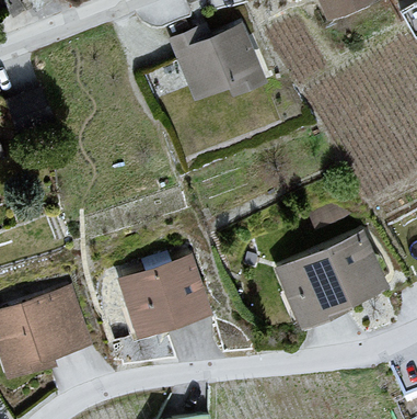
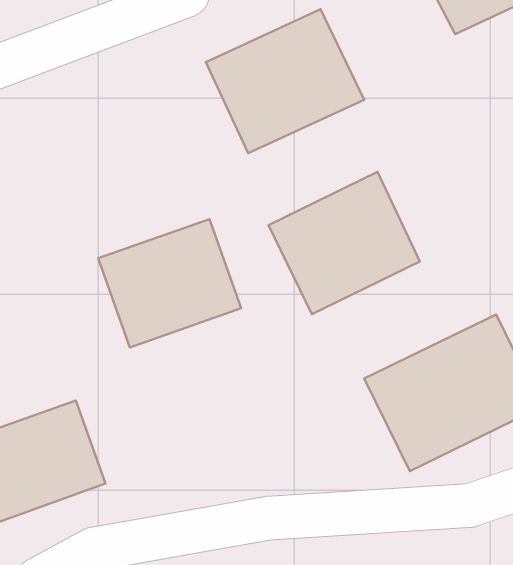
building: none -> [269,172,420,314]
building: [116,251,216,341] -> [98,219,241,347]

